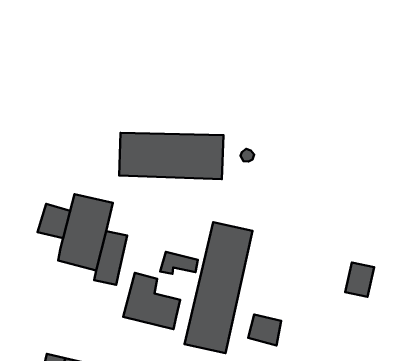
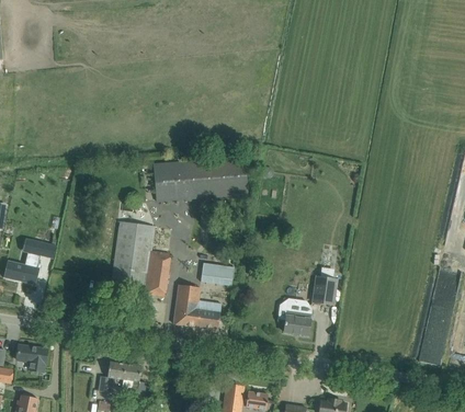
building: [37,204,70,238] -> none
building: [185,222,253,353] -> none
building: [345,263,374,297] -> [314,275,337,304]

